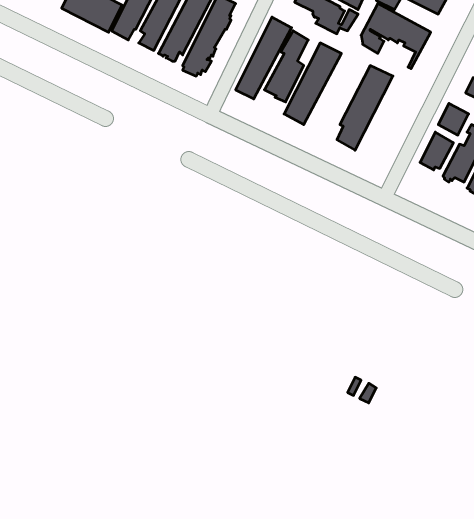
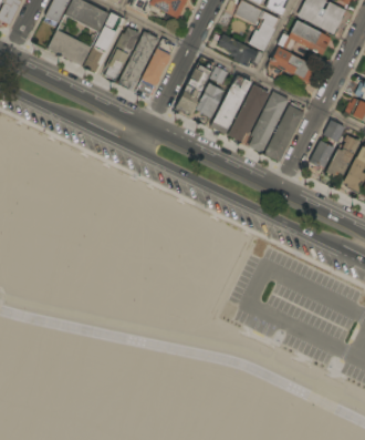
building: none -> [228,83,270,142]
building: none -> [264,102,305,162]

